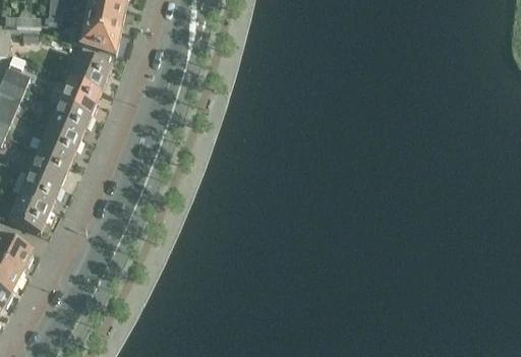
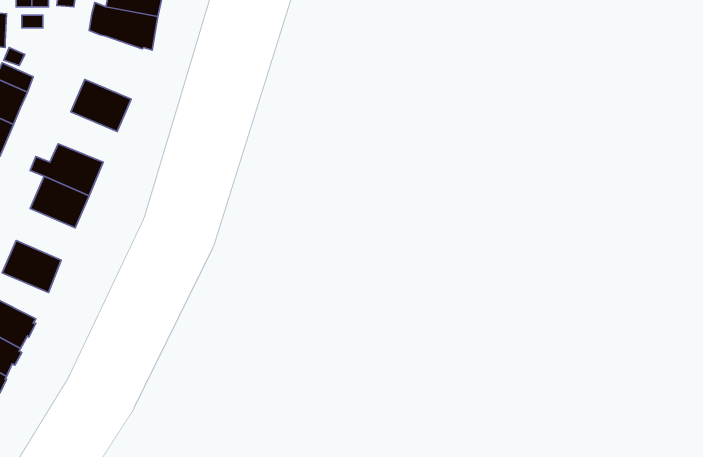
building: [68,44,112,90] -> none
building: [49,99,92,135] -> none
building: [18,169,61,206] -> none

